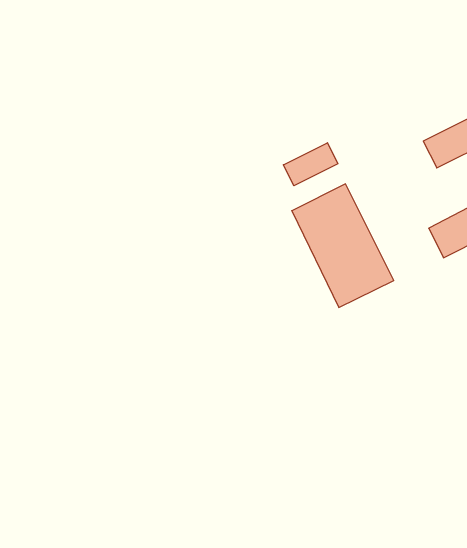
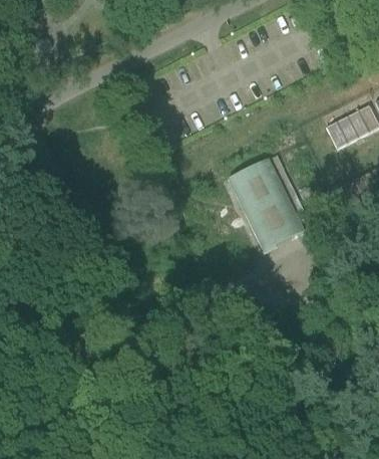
building: [283,143,338,186] -> none

